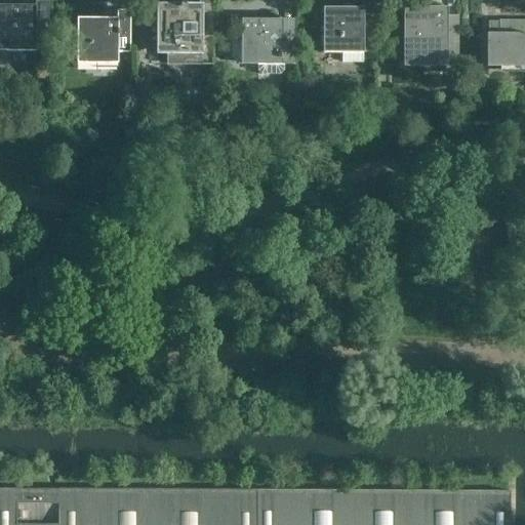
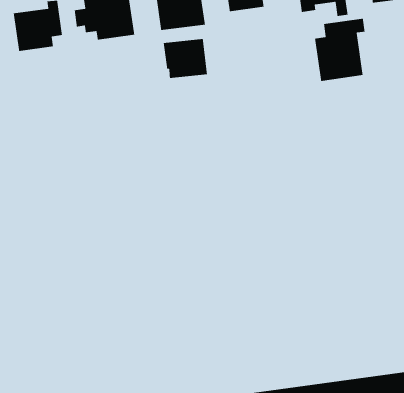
building: none -> [163,38,208,79]
building: none -> [314,18,365,82]

